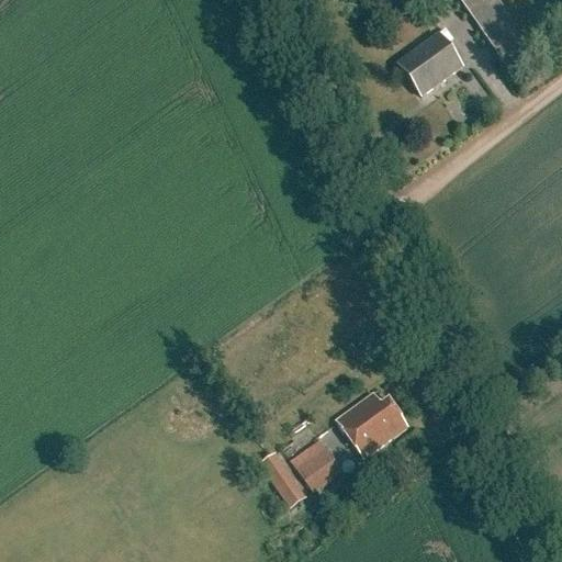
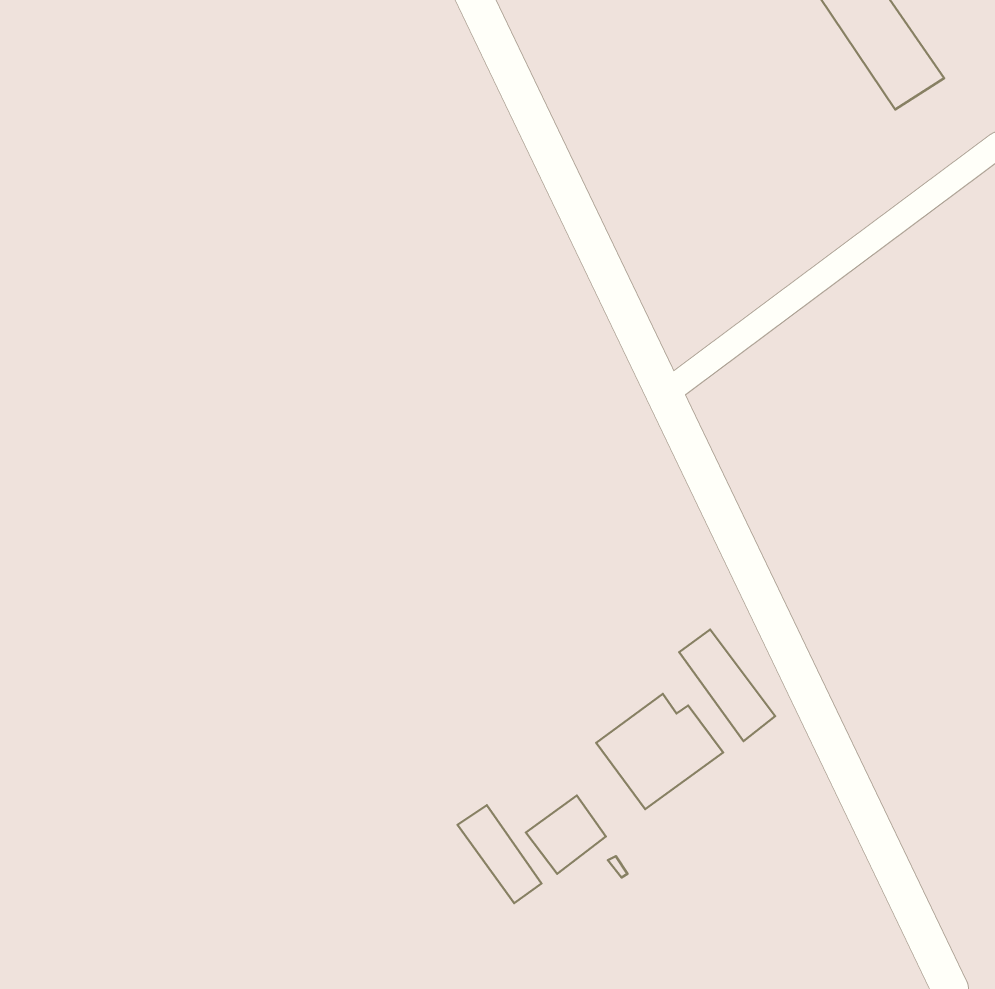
building: [400,32,463,93] -> none
building: none -> [679,629,775,741]

